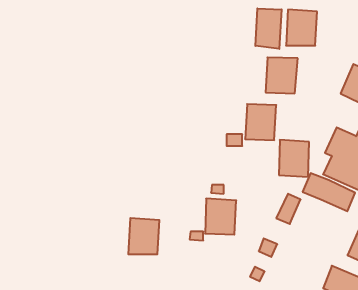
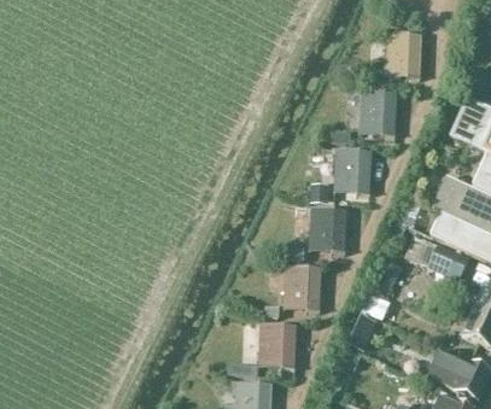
building: [255,8,282,49] -> none
building: [279,140,309,177] -> [309,206,346,252]
building: [128,218,159,254] -> [258,322,297,367]

